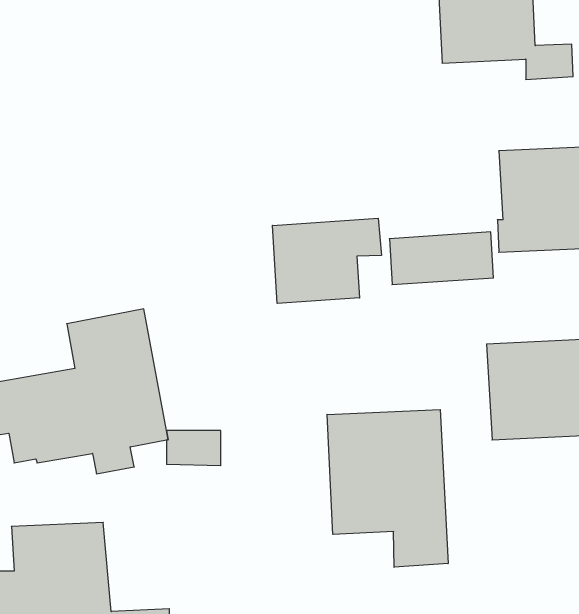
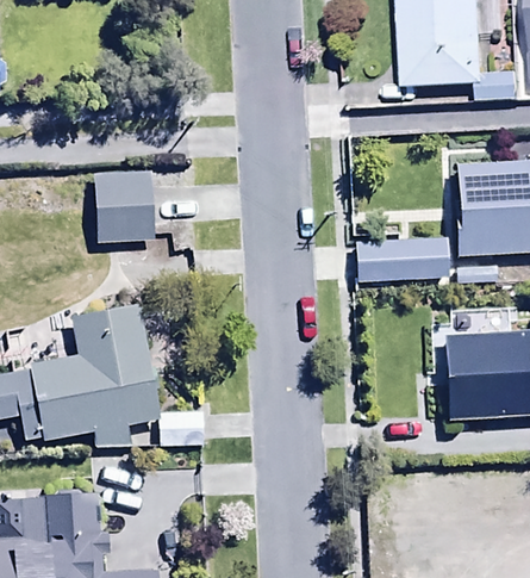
building: none -> [93,168,154,248]
building: [272,218,381,303] -> none
building: [327,410,448,567] -> none

